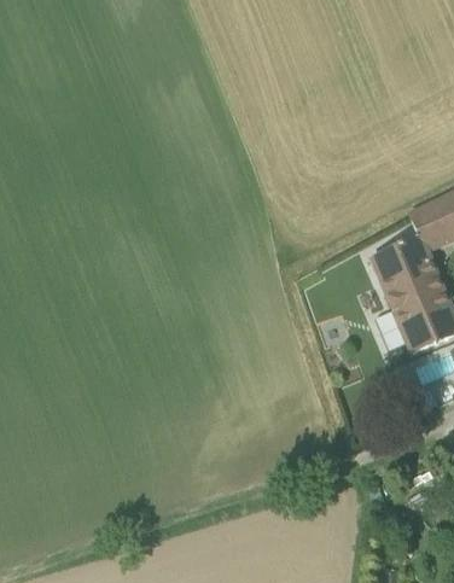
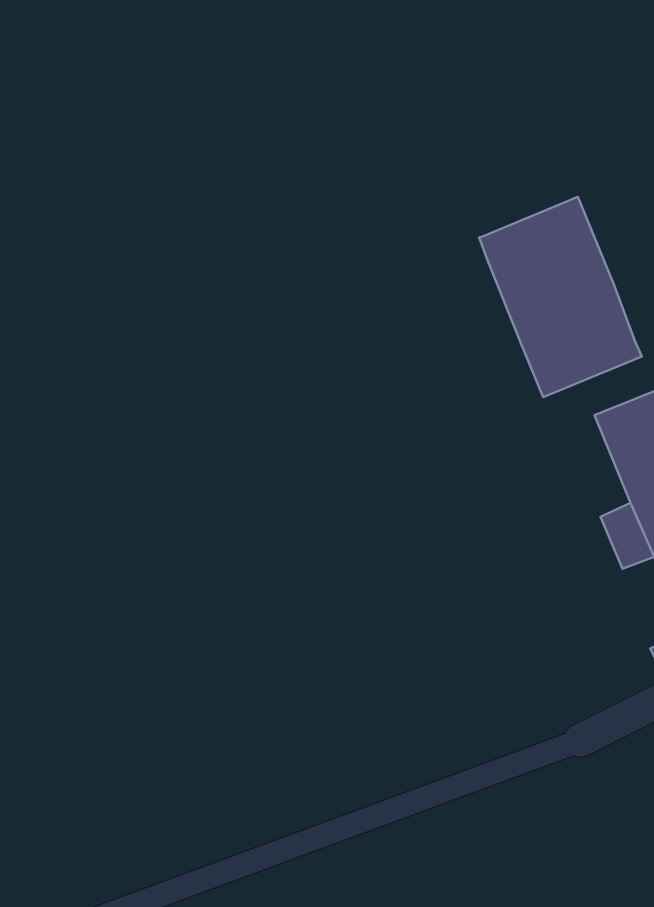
building: none -> [479,197,642,397]

